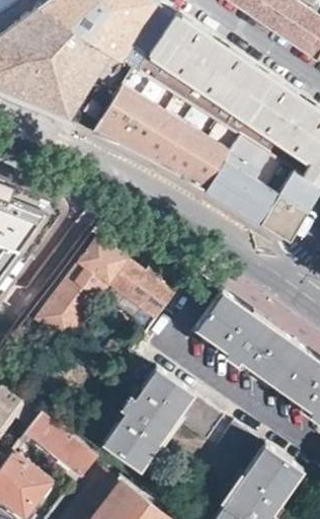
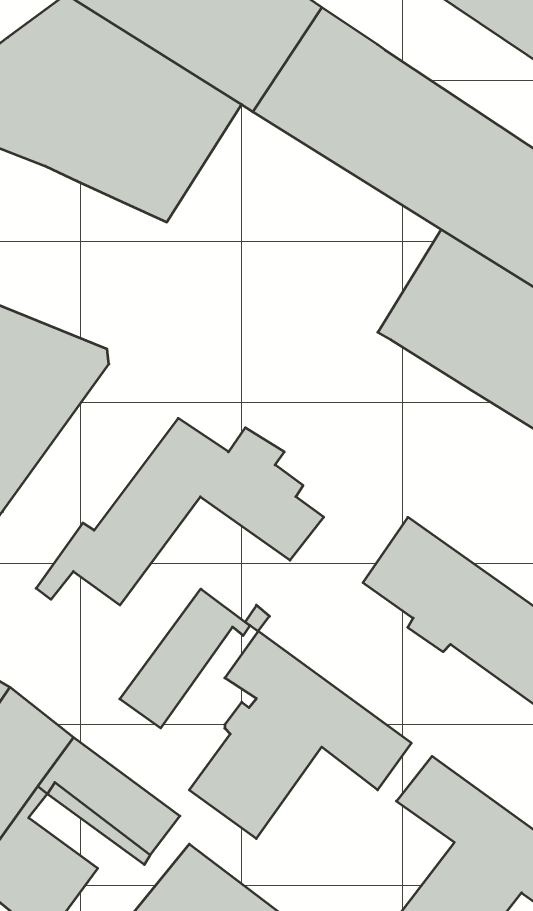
building: [91,68,240,192] -> none
building: none -> [120,589,250,728]

